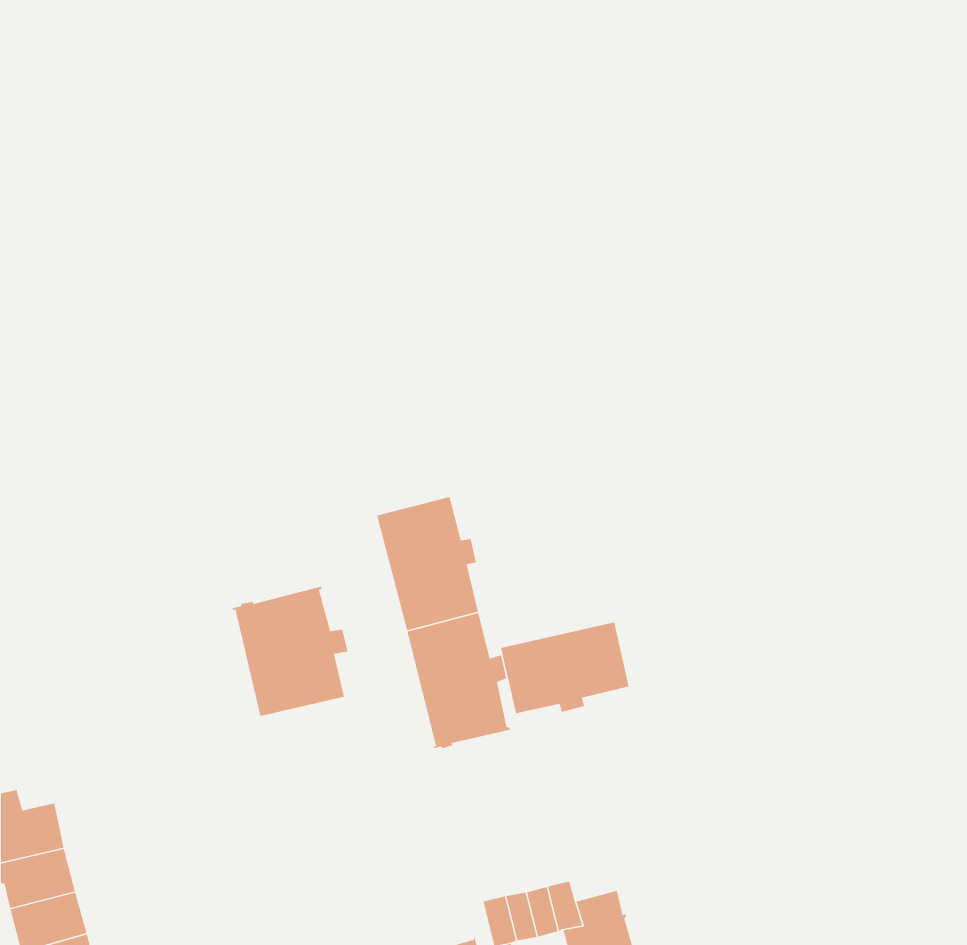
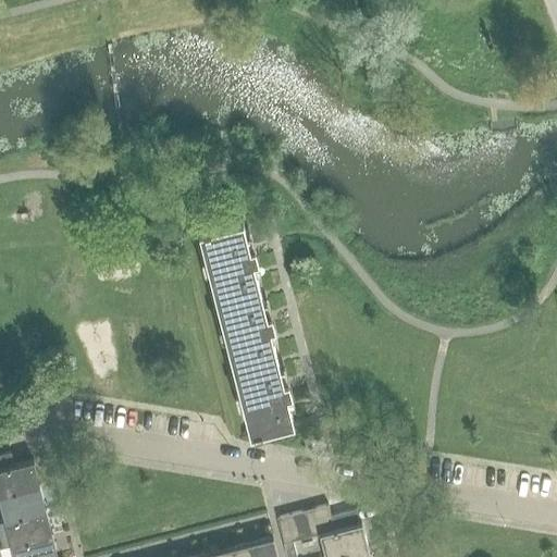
building: none -> [200,232,260,310]
building: [231,585,349,717] -> none
building: [500,622,629,714] -> none

